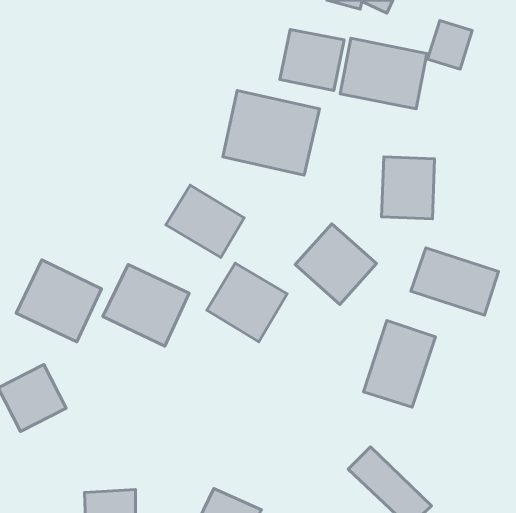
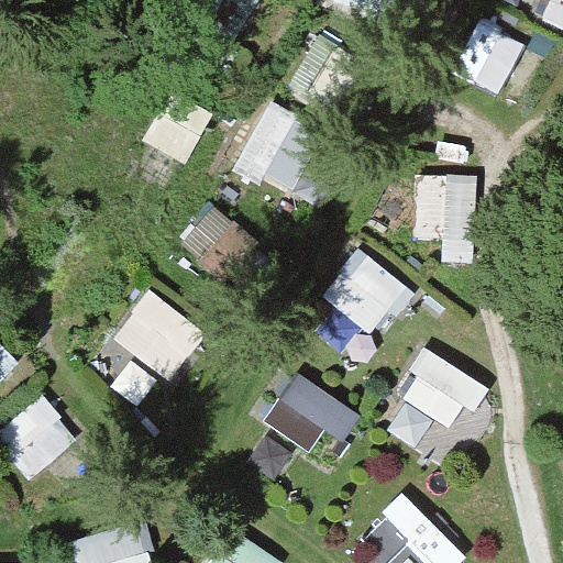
building: [340,38,427,109] -> none
building: [411,248,499,315] -> none
building: [16,260,101,342] -> none
building: [207,263,287,342] -> [261,373,347,457]

